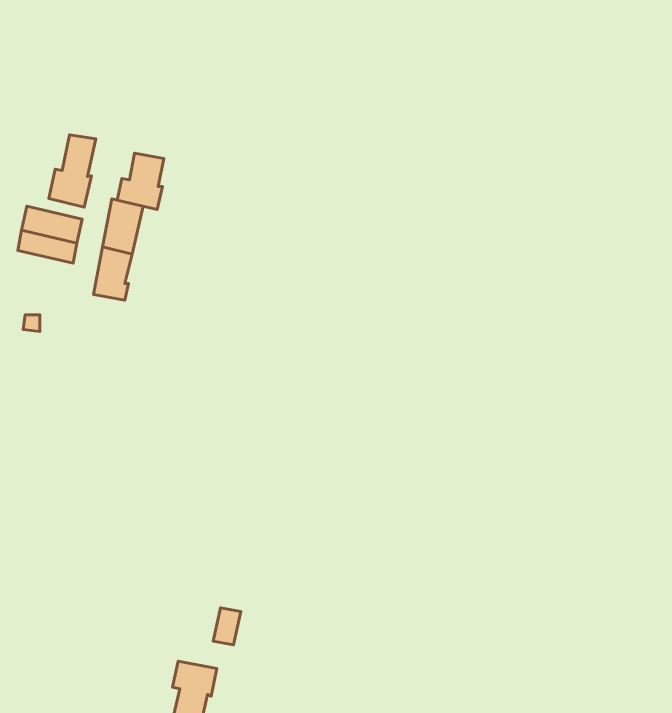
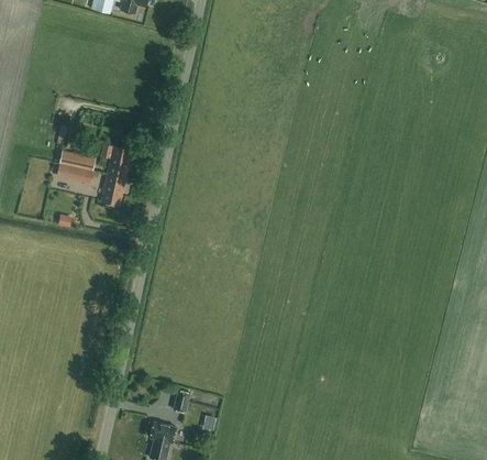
building: [49,135,96,207] -> none
building: [117,153,164,210] -> none

